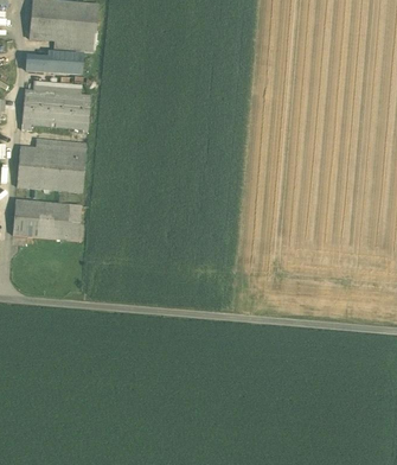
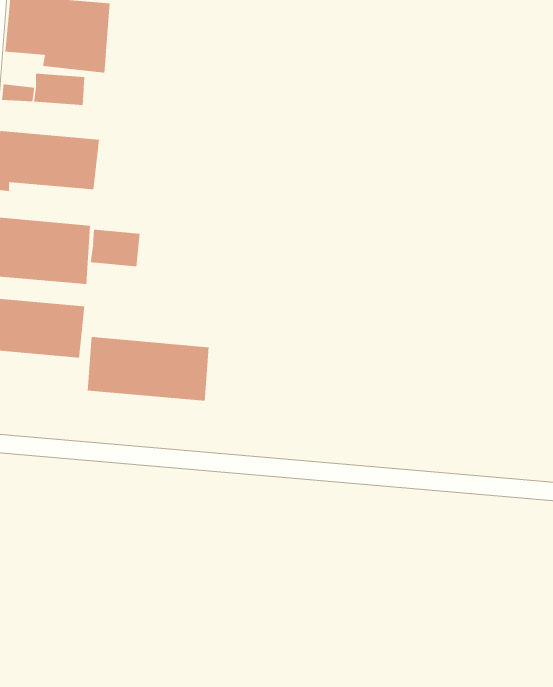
building: none -> [90,229,140,267]
building: none -> [87,336,209,402]

